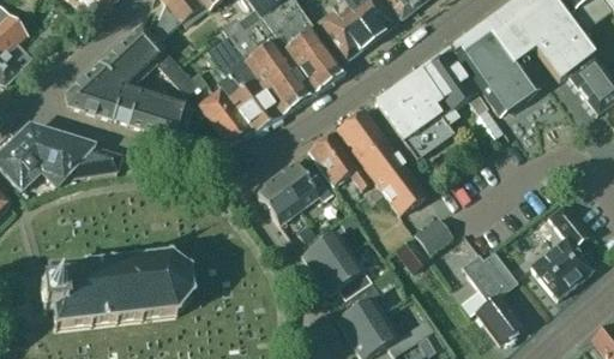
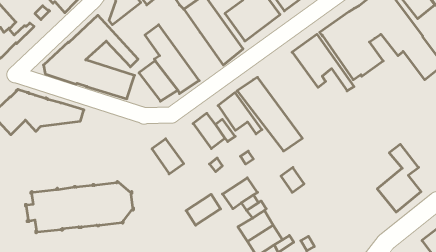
building: [222,8,313,113] -> none
building: [374,74,453,158] -> none
building: [254,174,299,223] -> [152,139,184,174]
building: [414,215,453,253] -> none
building: [301,229,349,273] -> [186,194,221,225]
building: [462,250,523,343] -> none

